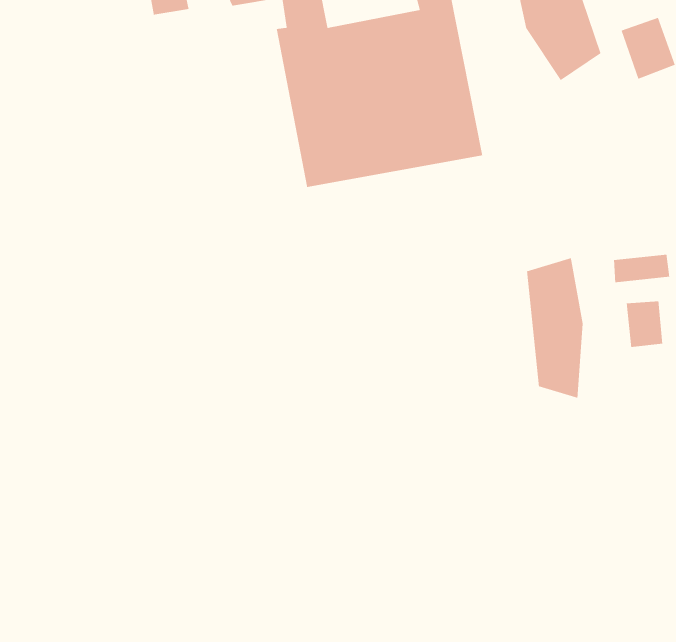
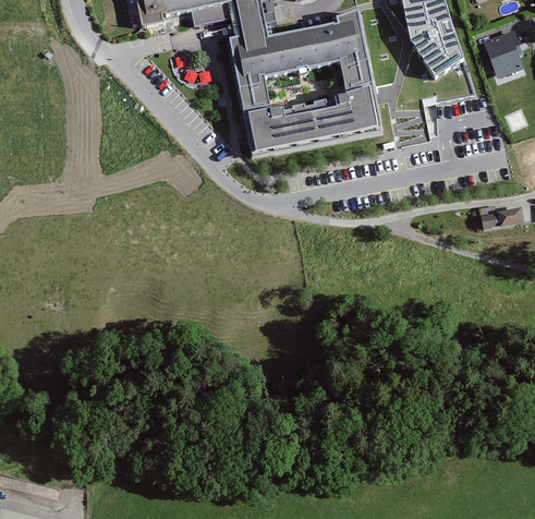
building: [526,257,584,399] -> none
building: [626,300,663,348] -> none

